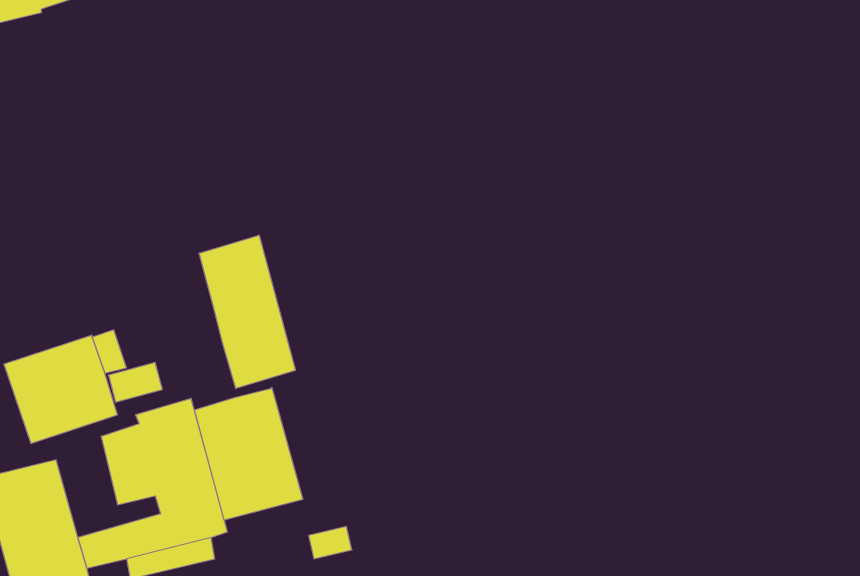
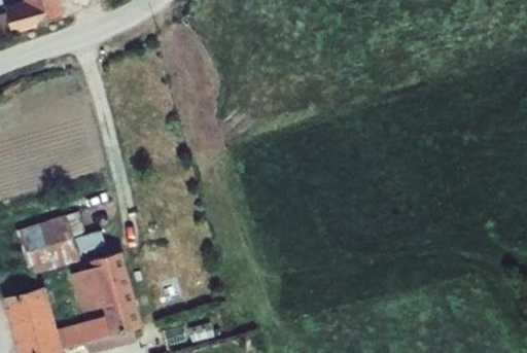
building: [199,235,296,389] -> none
building: [194,387,303,520] -> none

